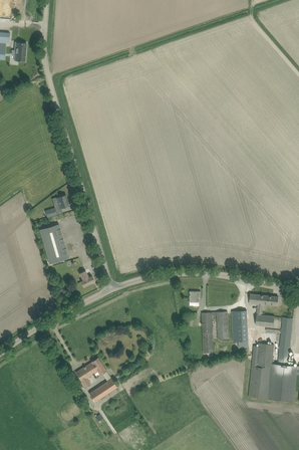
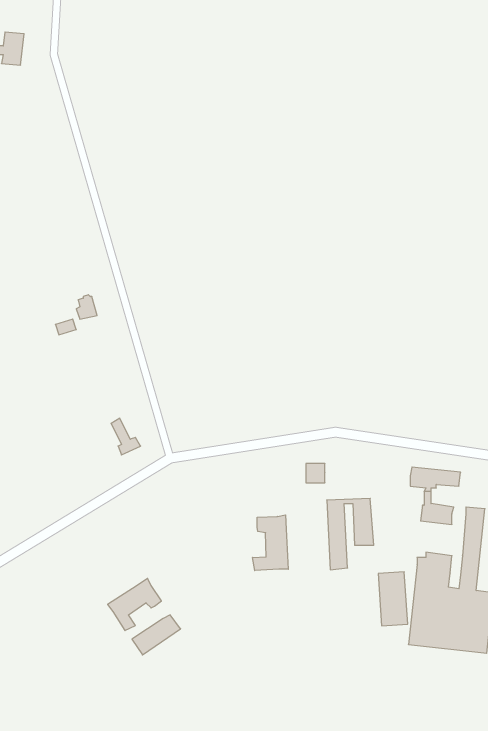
building: [38,224,68,263] -> none
building: [231,310,248,342] -> [378,572,408,626]
building: none -> [253,515,288,571]

